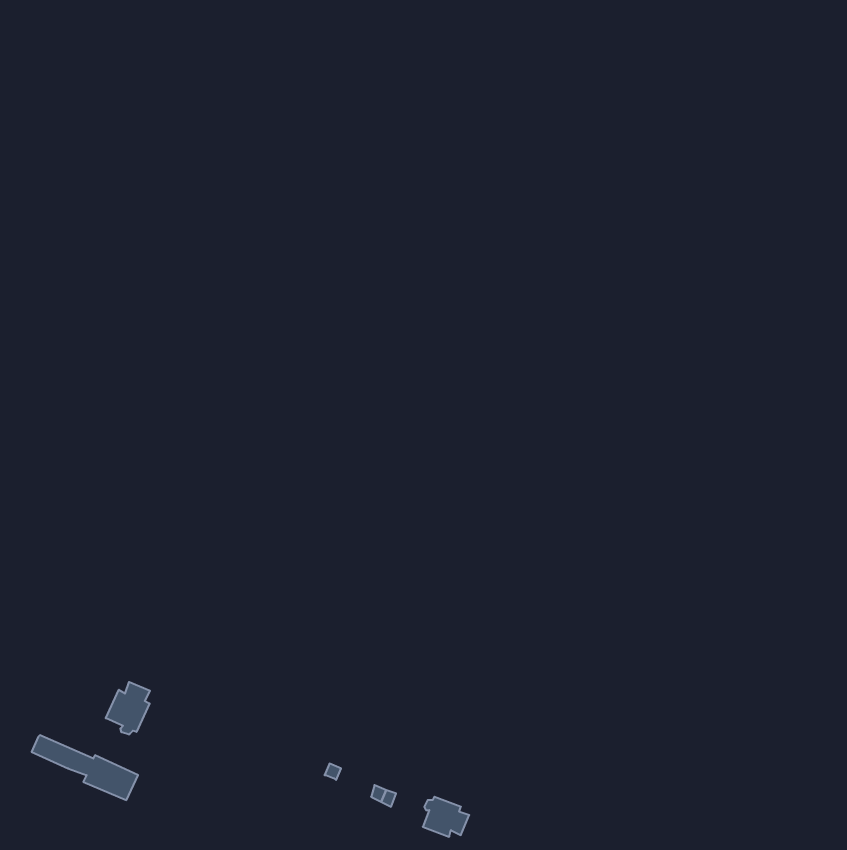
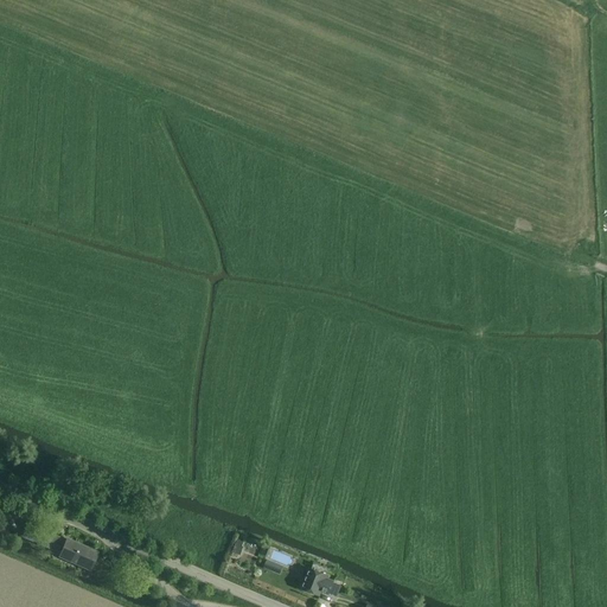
building: [106,682,150,735] -> none

